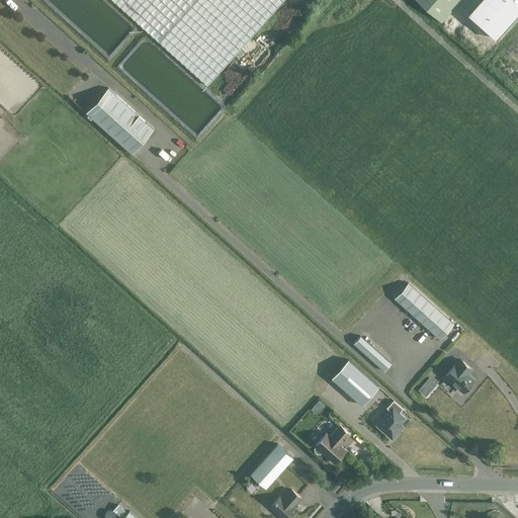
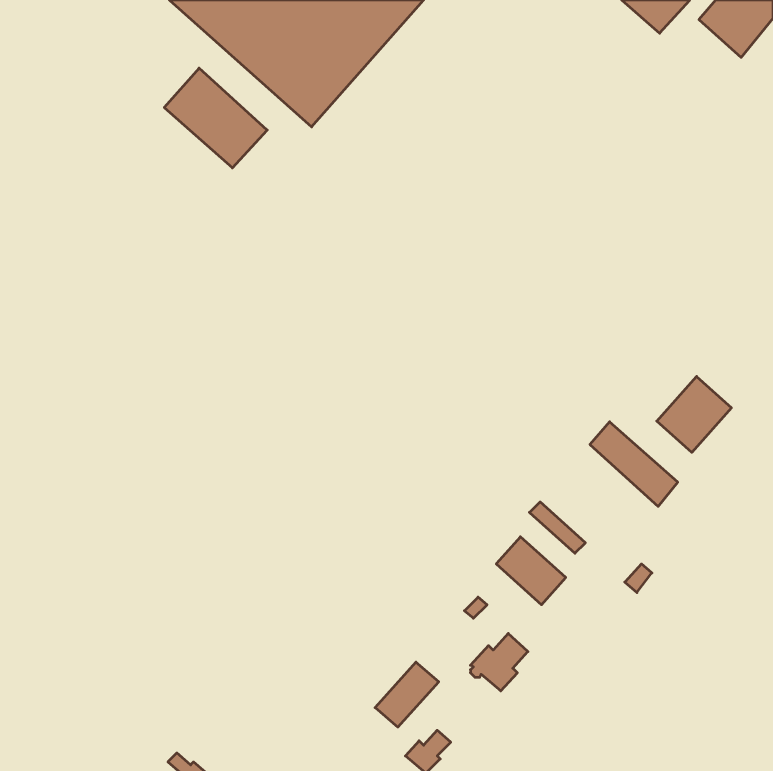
building: [85,88,154,155] -> [164,68,267,168]
building: none -> [657,376,731,452]
building: [445,360,473,393] -> none
building: [376,401,405,439] -> none

